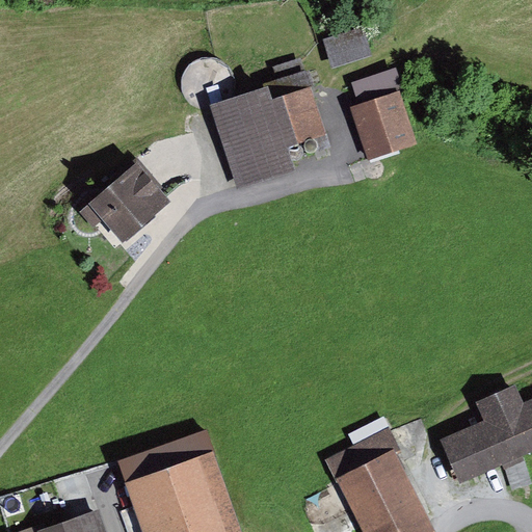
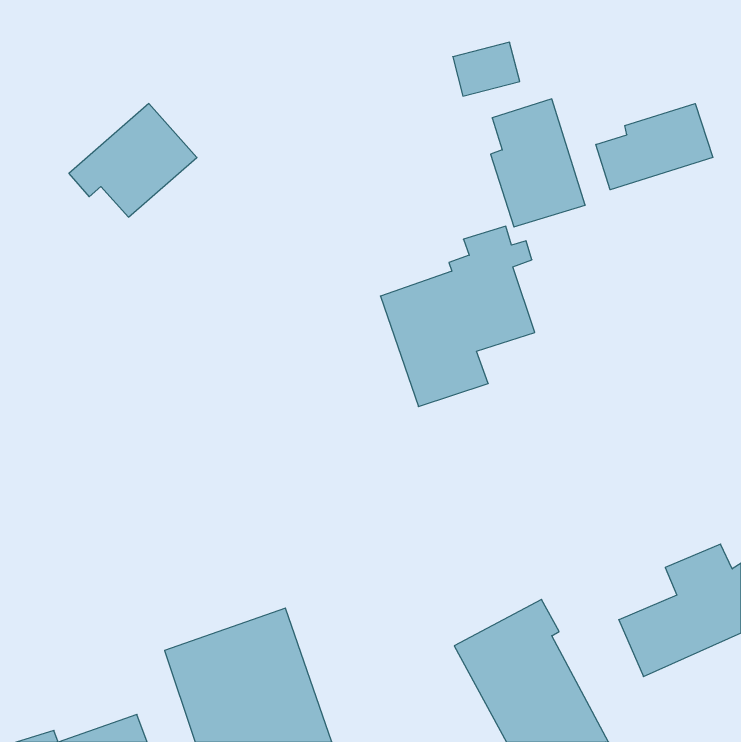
building: [211,58,321,187] -> [380,226,535,407]
building: none -> [596,104,713,190]
building: [78,163,169,244] -> [69,104,197,217]

